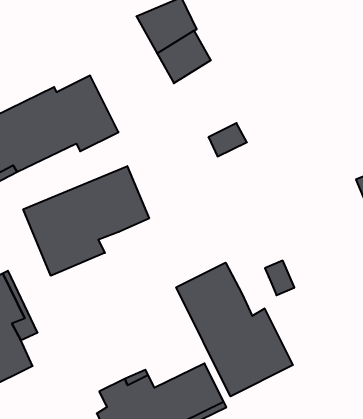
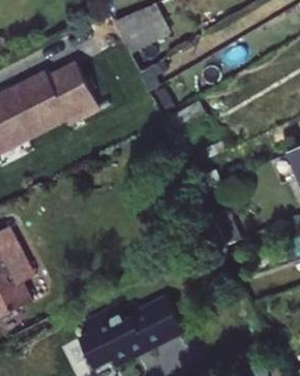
building: [23,166,149,276] -> none
building: [176,263,293,396] -> none

